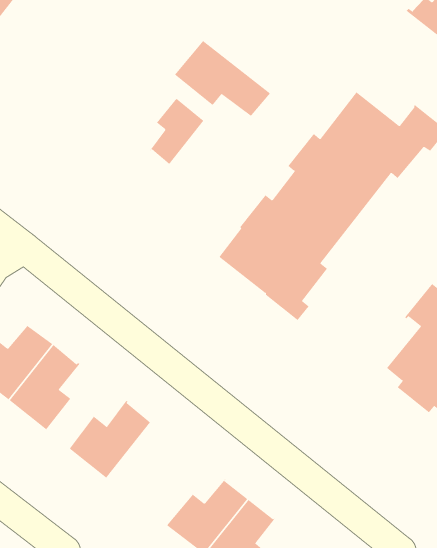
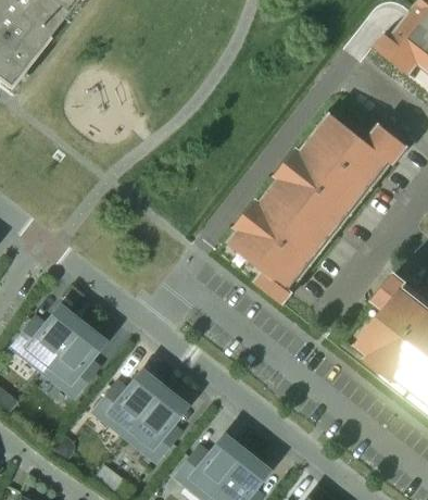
building: [174,40,271,118] -> none
building: [150,98,204,165] -> none
building: none -> [126,388,186,460]

